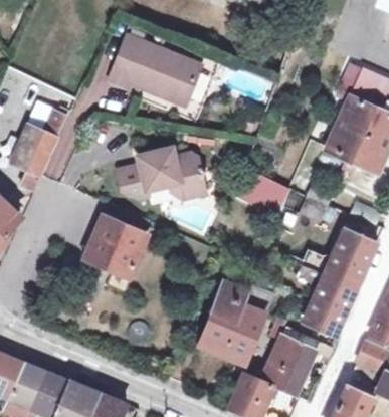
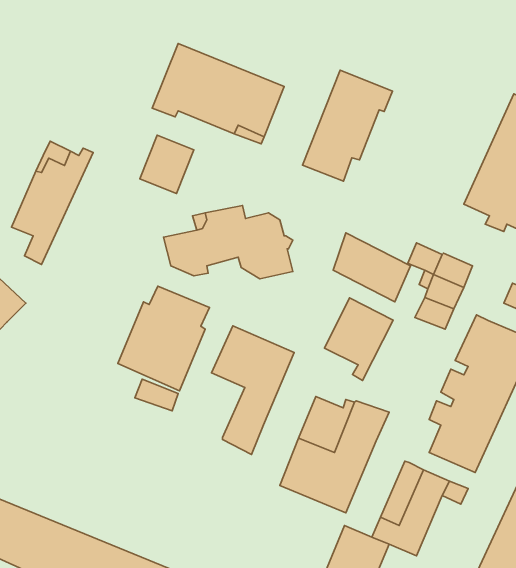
building: none -> [303,70,393,181]
building: none -> [140,135,194,193]
building: none -> [324,298,393,380]
building: none -> [212,326,294,455]

